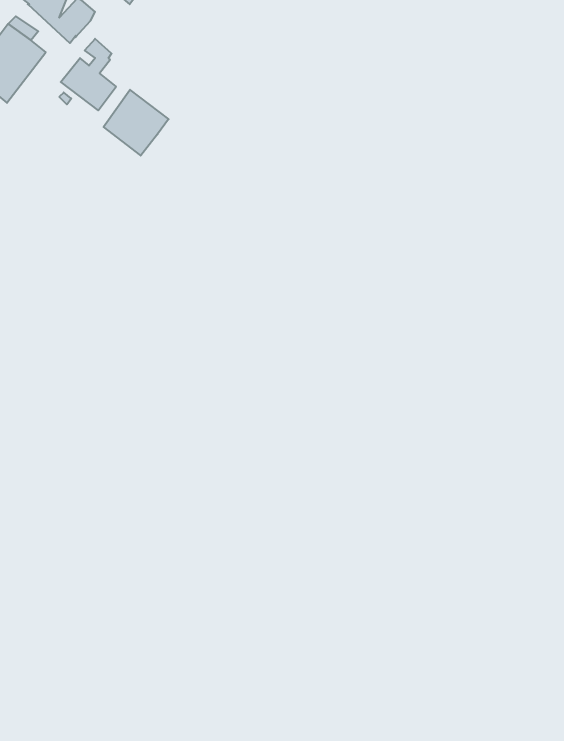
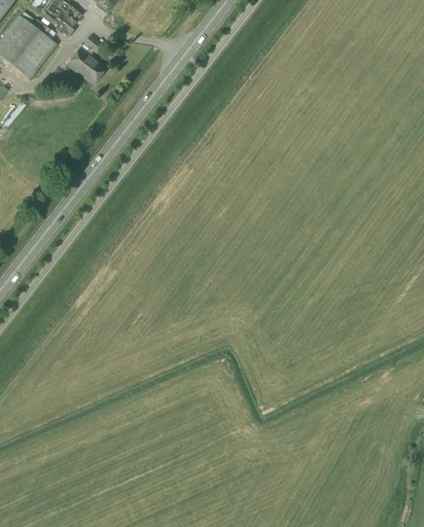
building: [104,90,169,156] -> none

